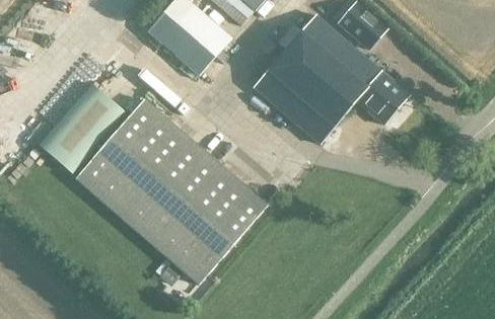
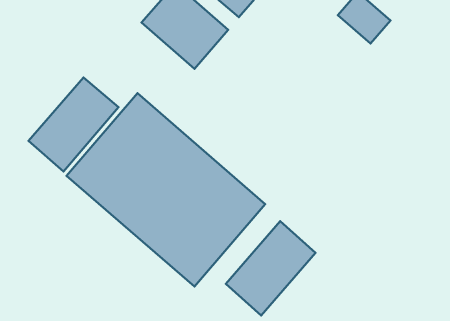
building: [254,14,409,142] -> none
building: none -> [226,221,316,315]

